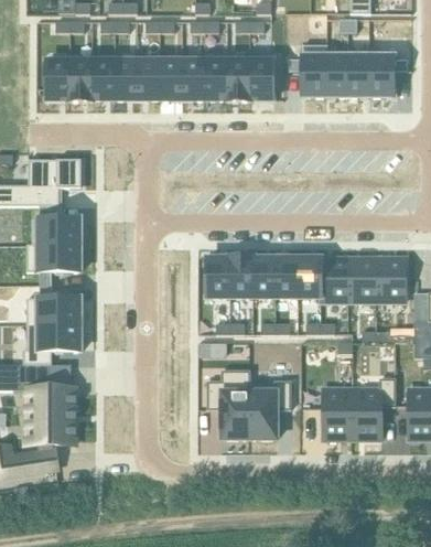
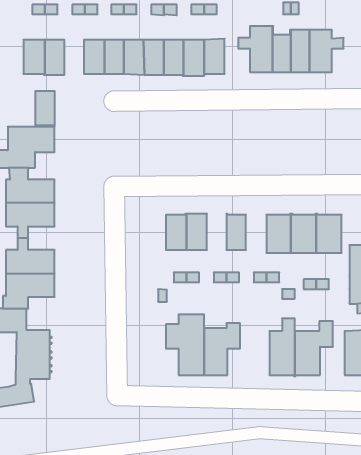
building: [93,60,115,99] -> [35,91,55,126]
building: [254,256,276,297] -> none
building: [298,257,321,300] -> none

